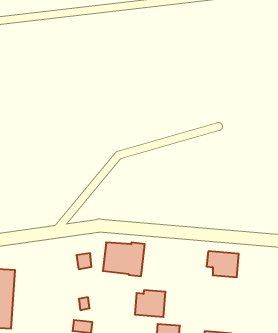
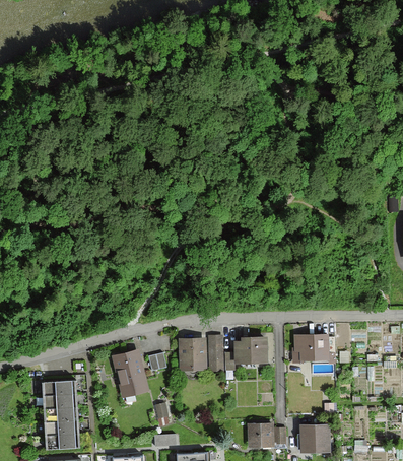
building: none -> [112,350,151,398]
building: [135,290,166,317] -> [237,335,270,365]

